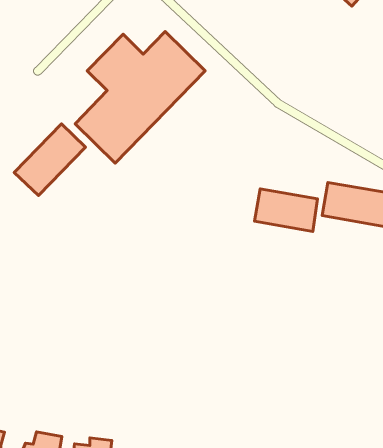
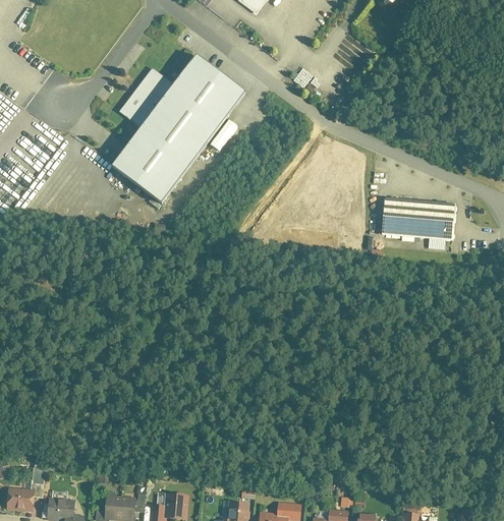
building: [14,124,86,195] -> none
building: [255,189,318,231] -> none

